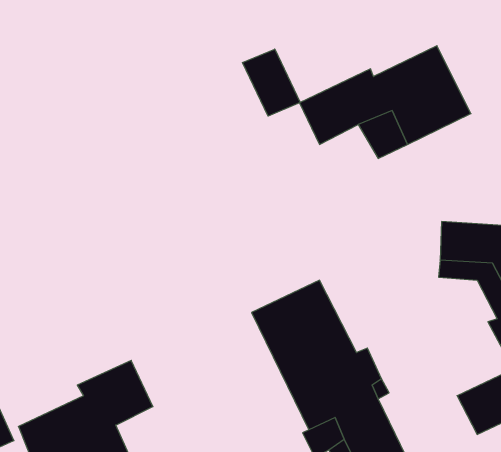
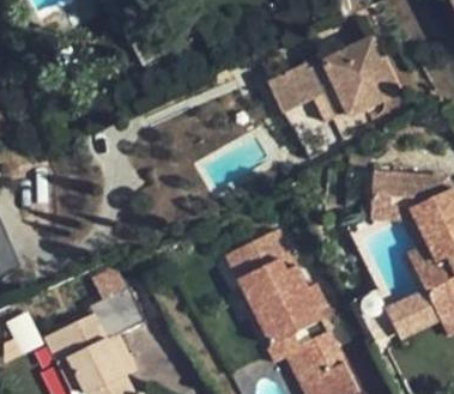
building: [242,49,300,116] -> none

